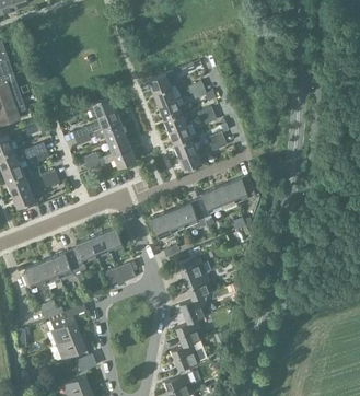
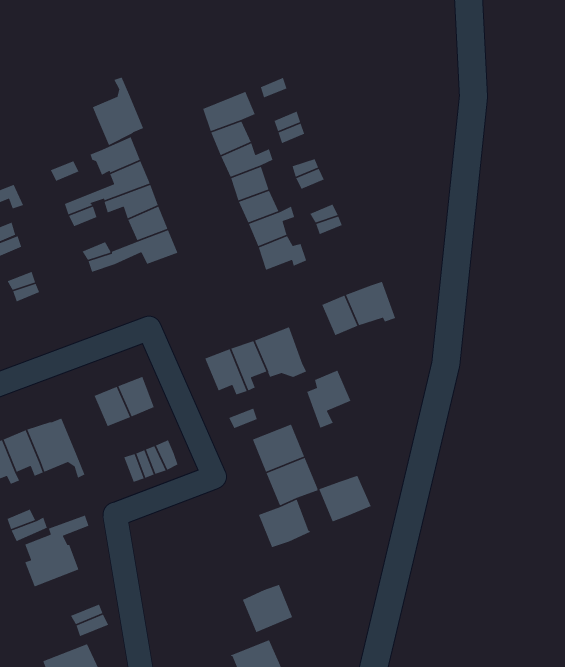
building: none -> [92,76,144,146]
building: [197,188,222,221] -> [306,370,352,429]
building: [71,238,96,271] -> none
building: [175,319,205,346] -> [318,475,372,523]
building: [56,335,86,360] -> none

